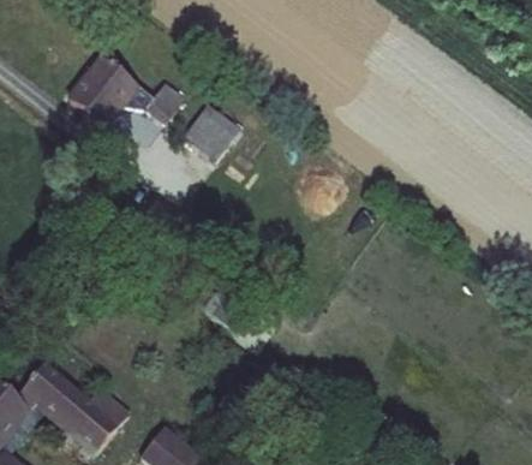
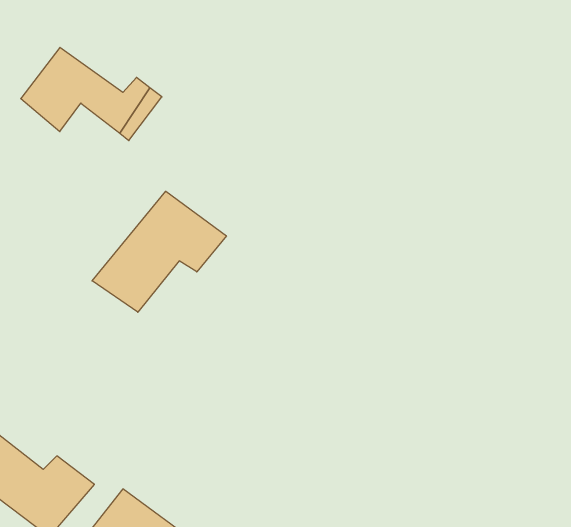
building: [184,108,244,168] -> none
building: none -> [92,191,226,312]

